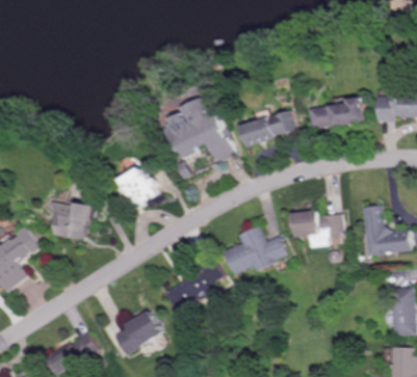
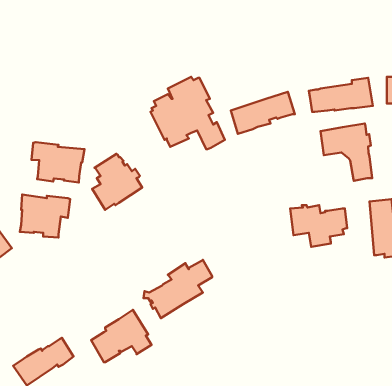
building: none -> [320,124,372,181]
building: none -> [32,142,84,182]
building: [220,225,286,274] -> none

